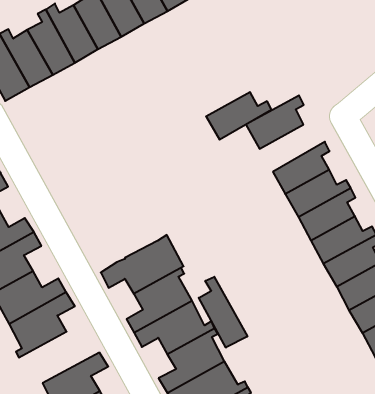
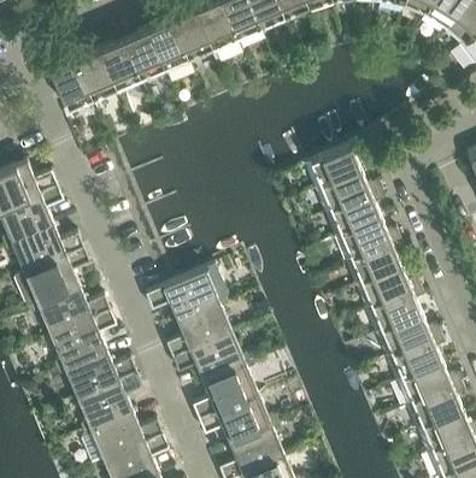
building: [206,92,272,140] -> [315,169,380,212]
building: [199,277,247,348] -> none
building: none -> [57,347,136,395]

